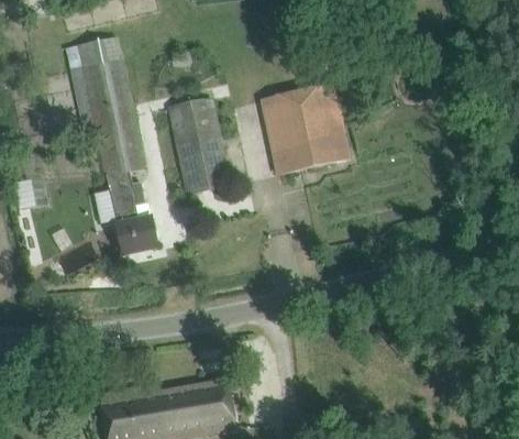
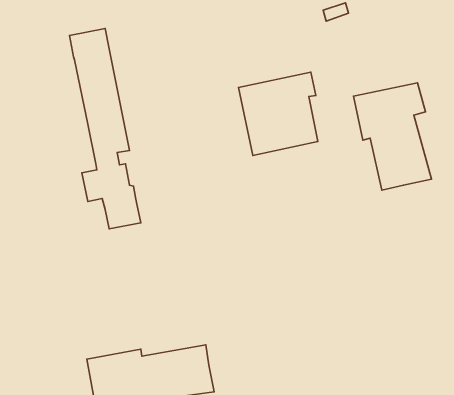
building: none -> [354,83,432,190]
building: [168,99,229,194] -> none

